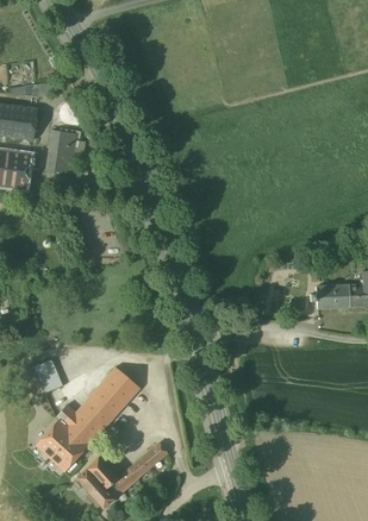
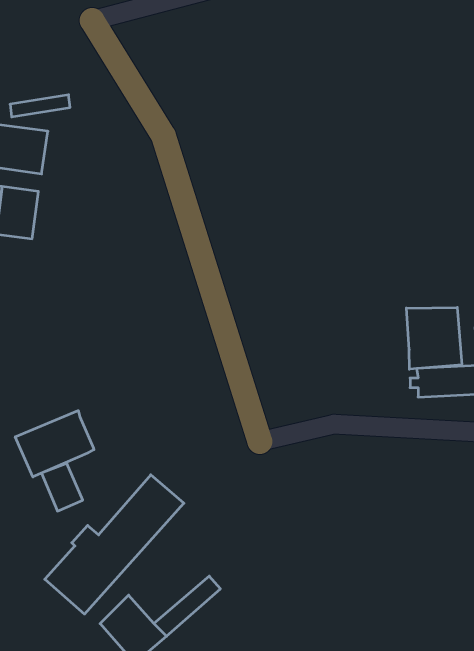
building: [46,130,77,174] -> none
building: none -> [406,307,462,369]
building: none -> [15,411,94,477]

